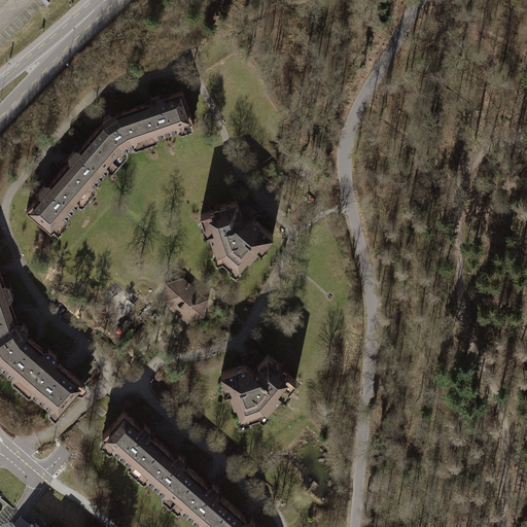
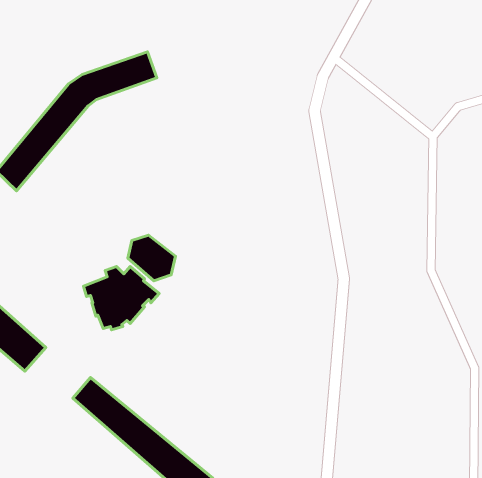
building: [201,201,273,269] -> none
building: [221,354,296,417] -> [83,266,159,330]

